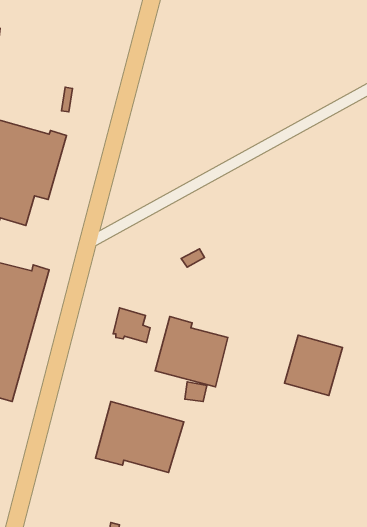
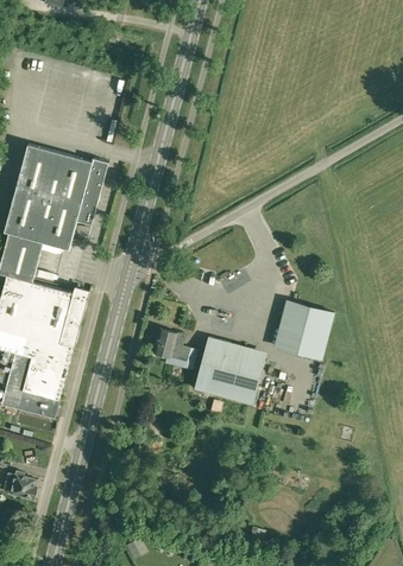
building: [285,335,343,396] -> [277,301,333,360]
building: [95,401,184,473] -> none

